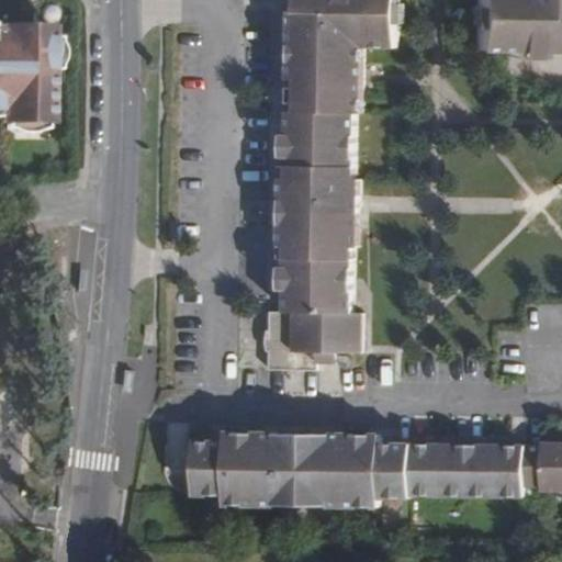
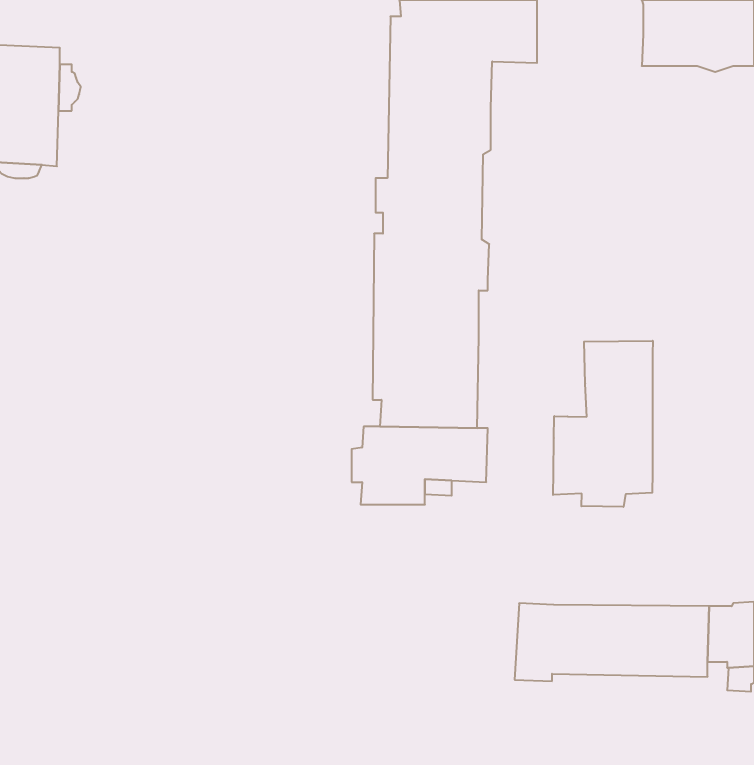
building: none -> [553,341,653,507]
building: [172,431,381,506] -> none

